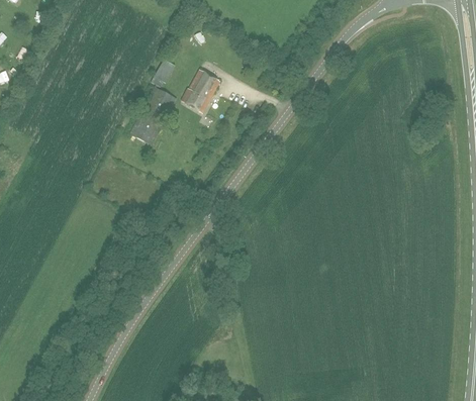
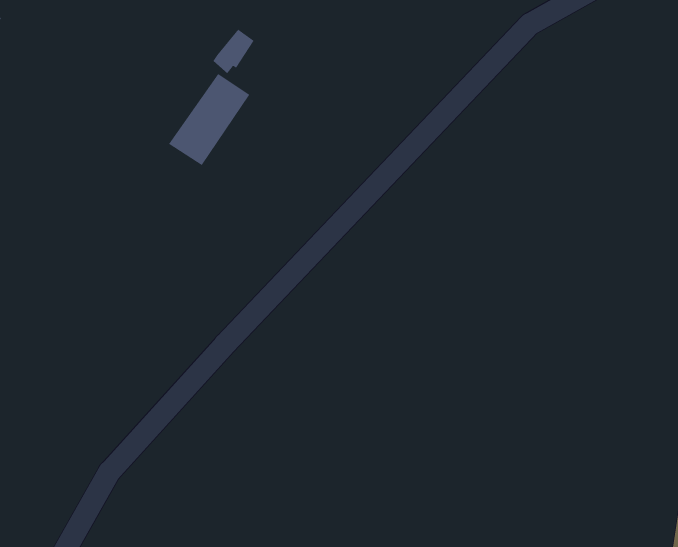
building: [182,70,220,112] -> none

